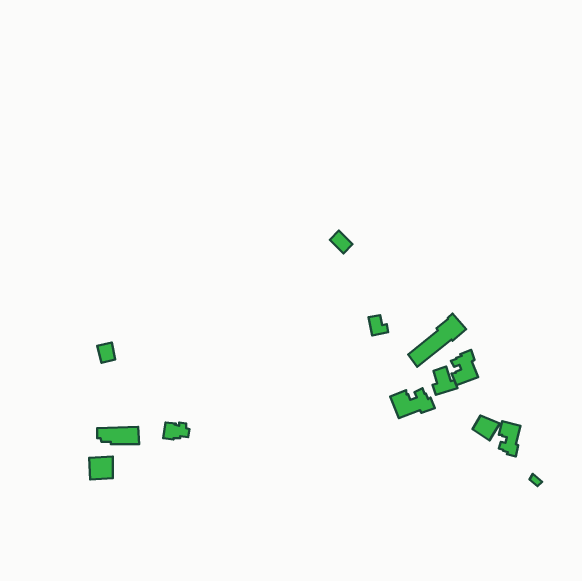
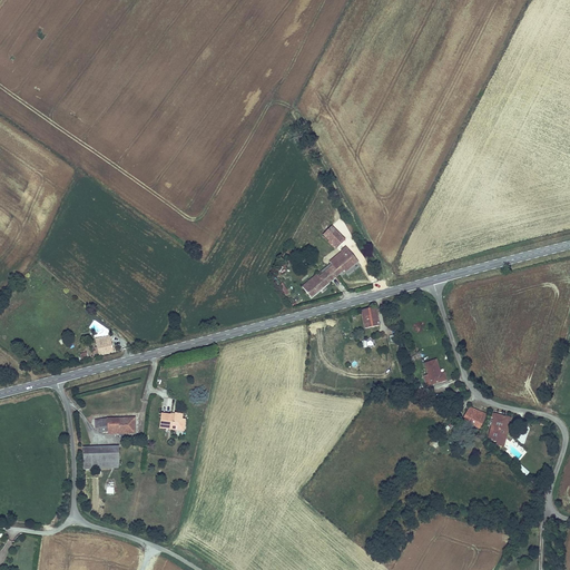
building: [408,313,466,367] -> [302,245,358,297]
building: [451,350,478,385] -> none
building: [390,388,435,418] -> none

